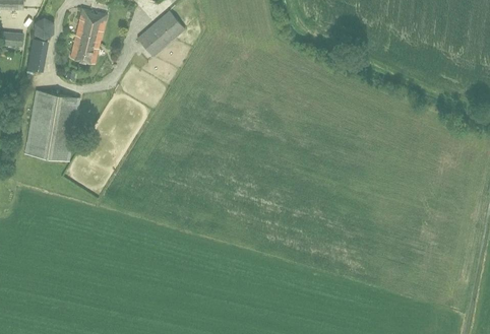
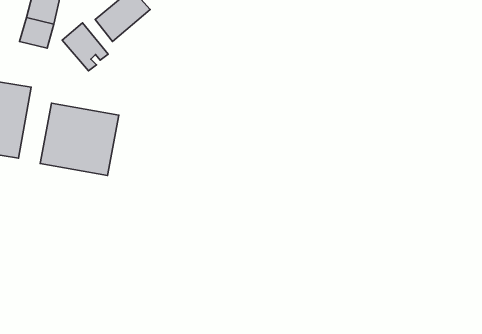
building: none -> [62,23,108,71]
building: none -> [40,103,119,176]

